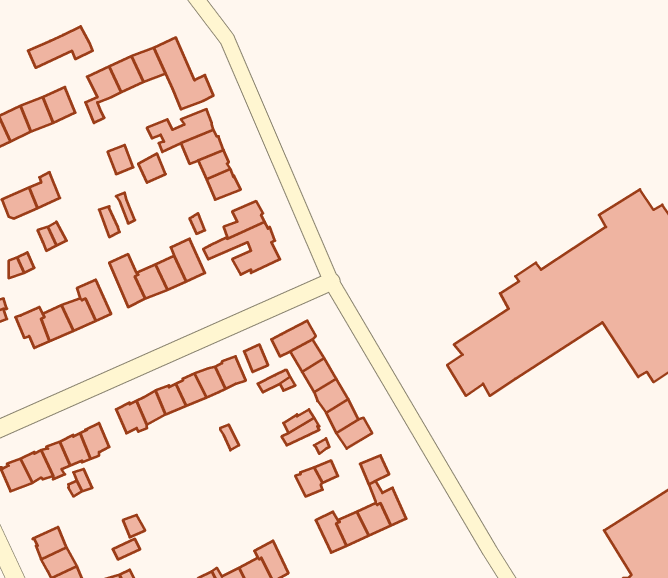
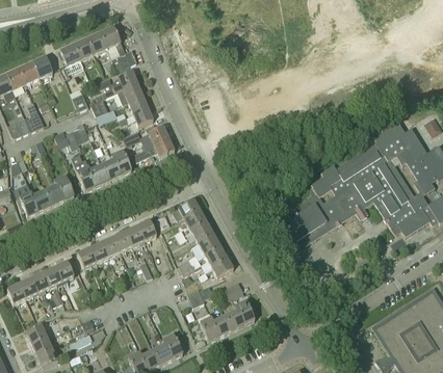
building: [28,26,93,68] -> none

